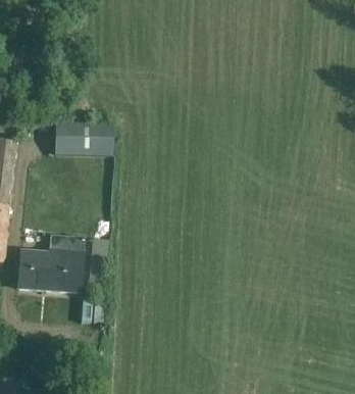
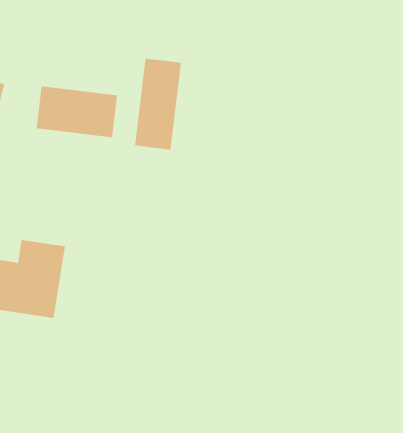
building: none -> [134,58,182,150]

